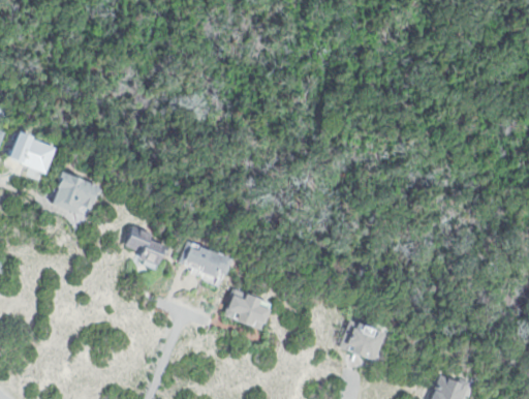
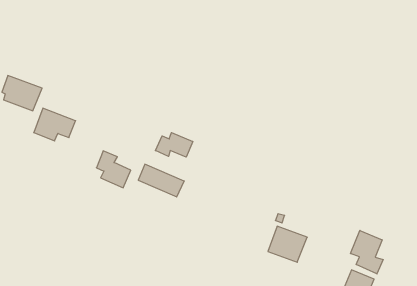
building: none -> [155,133,193,157]
building: [223,288,275,332] -> none
building: none -> [351,230,383,274]

